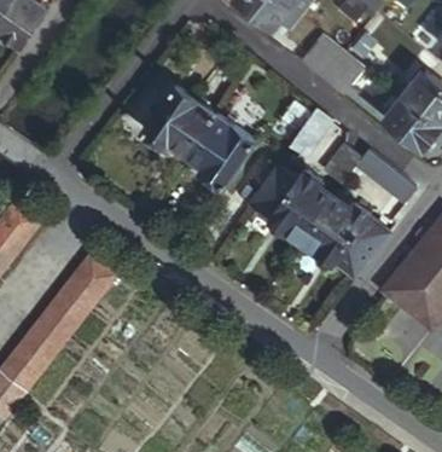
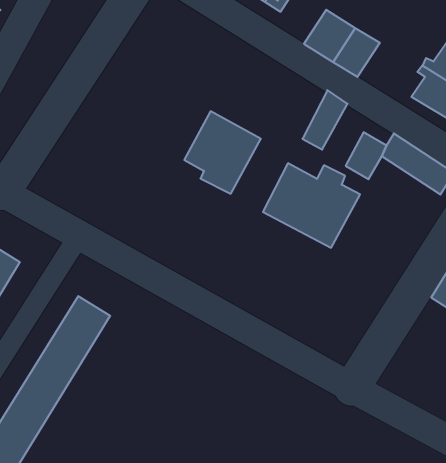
building: [144,85,215,151] -> none
building: [304,196,391,273] -> none

